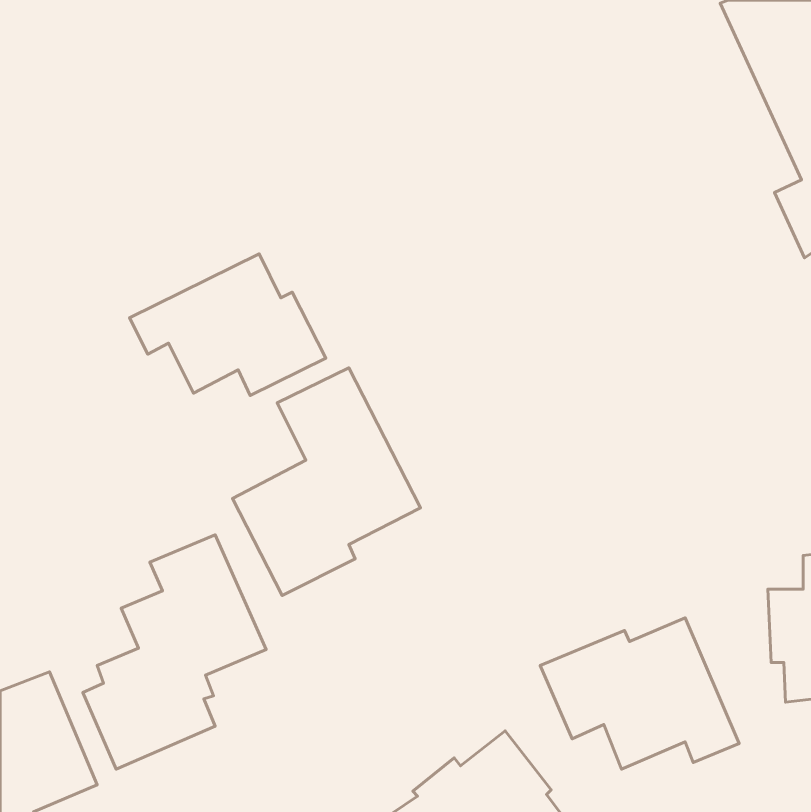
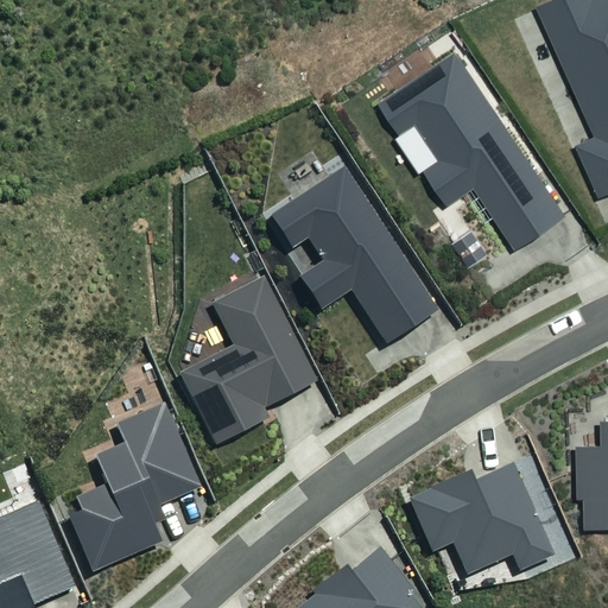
building: none -> [378,46,566,247]
building: none -> [266,164,437,343]
building: [130,254,326,395] -> none

